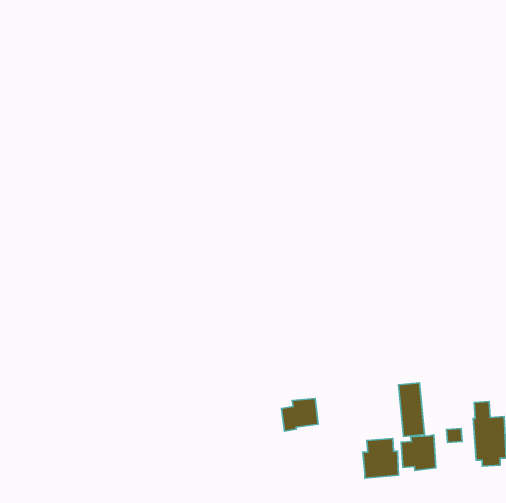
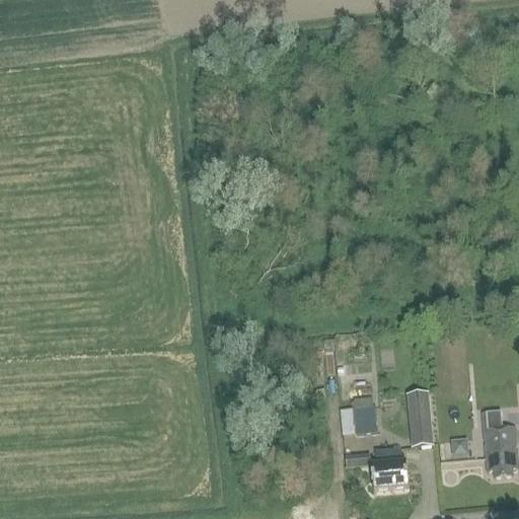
building: [281,398,318,431] -> [338,405,375,439]
building: [401,435,436,470] -> none

